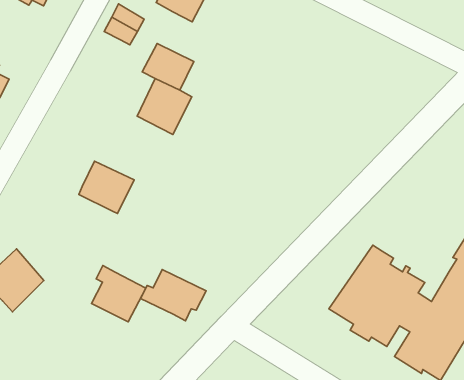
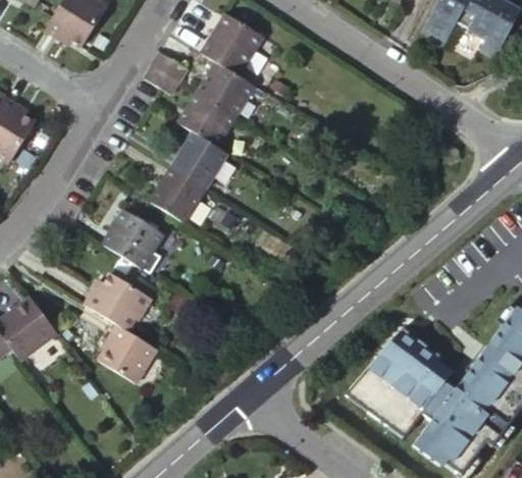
building: none -> [196,62,253,116]
building: none -> [146,168,204,225]
building: [140,269,206,321] -> [86,273,155,329]

